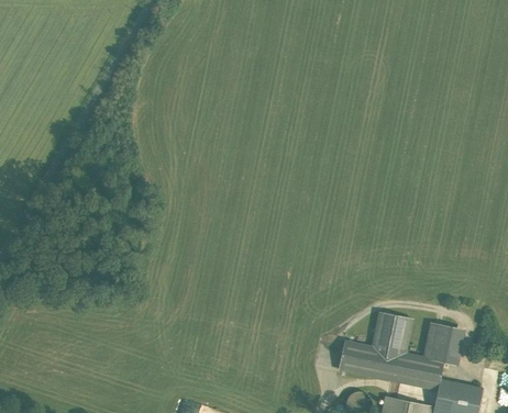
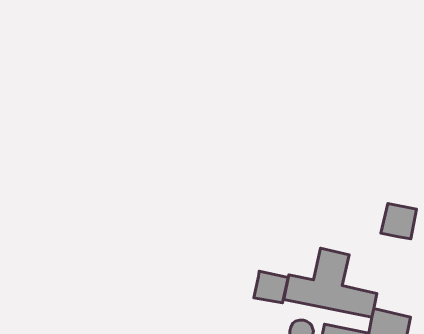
building: [422,325,462,365] -> [381,203,417,239]
building: none -> [254,271,288,303]

